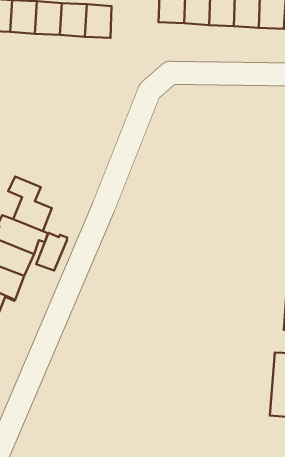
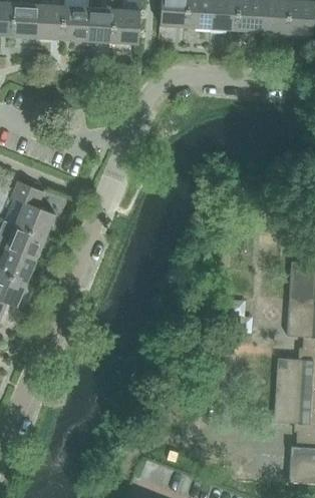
building: none -> [113,9,140,43]
building: [36,233,67,271] -> none

